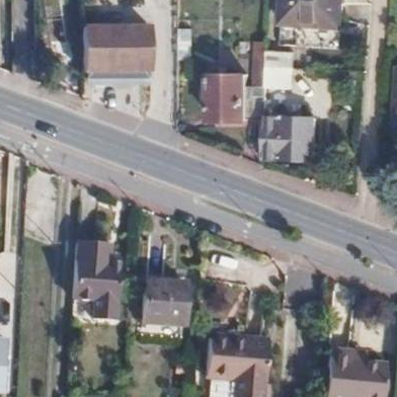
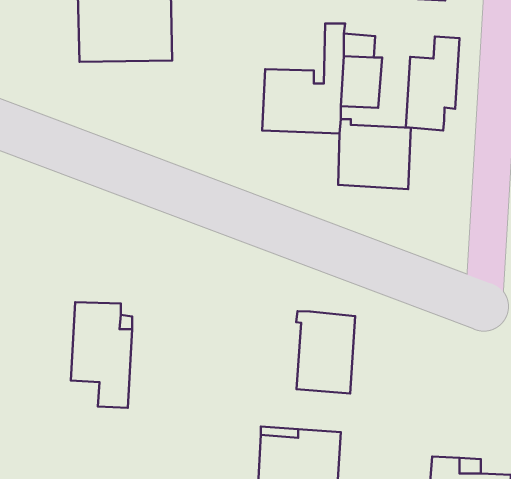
building: none -> [406,37,459,130]
building: none -> [296,311,355,394]
building: [142,282,181,325] -> none

